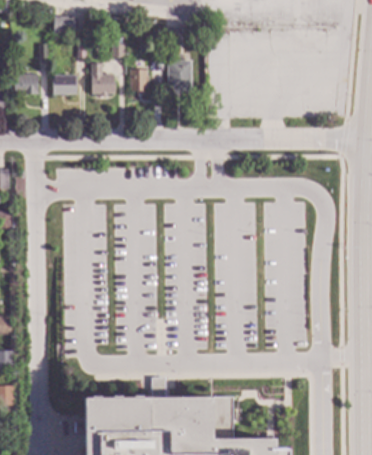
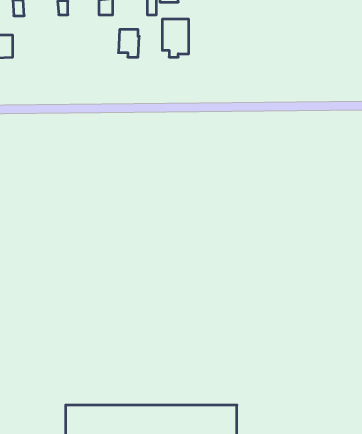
building: [91,64,114,96] -> none
building: [53,75,77,94] -> none

